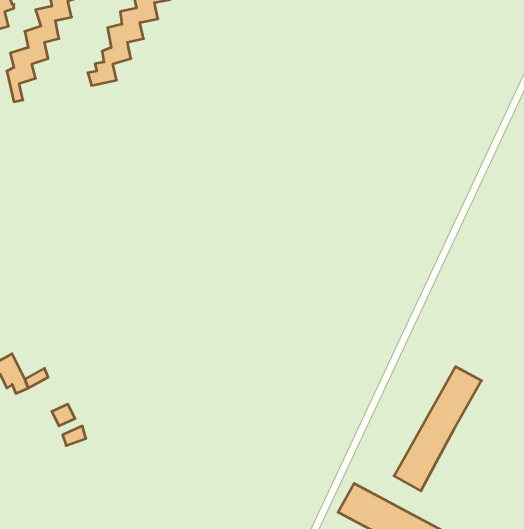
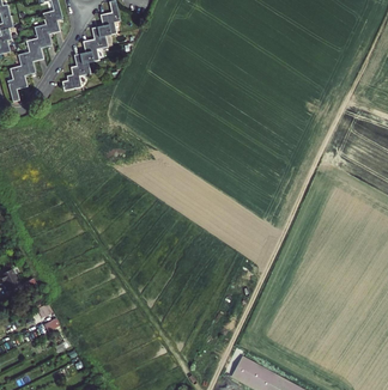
building: [394,367,482,491] -> none

